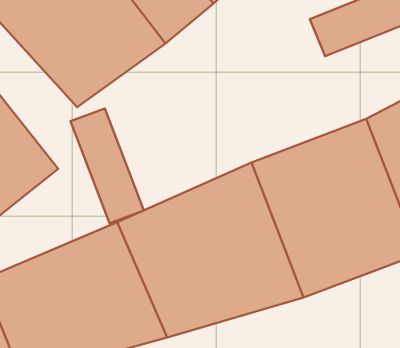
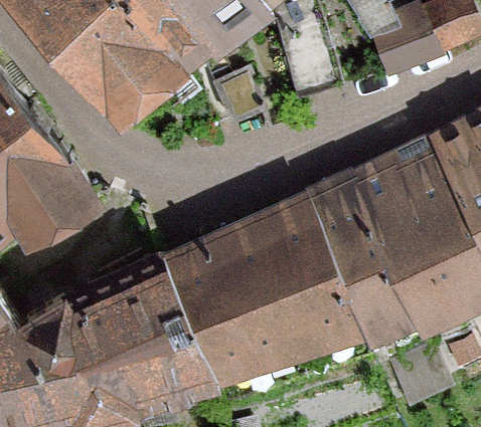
building: [70,108,144,223] -> none

